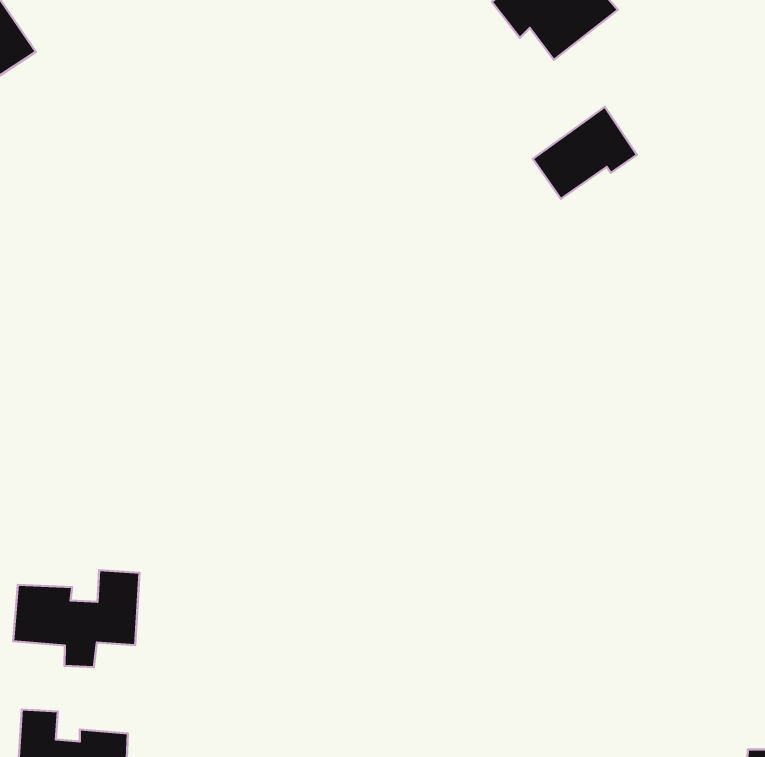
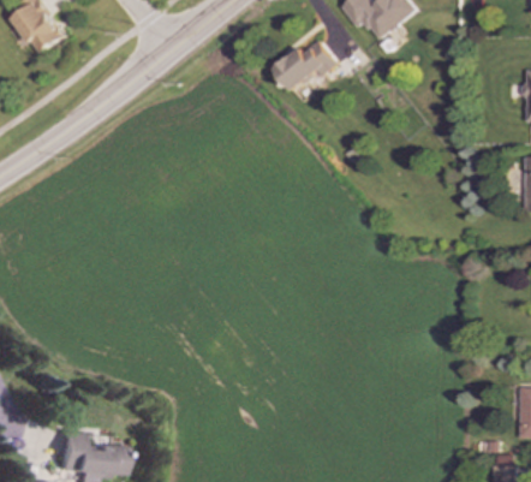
building: [533,107,637,199] -> [276,36,339,91]
building: [13,570,140,667] -> none

